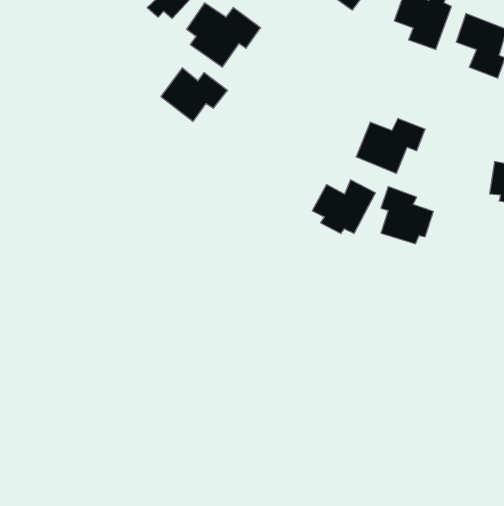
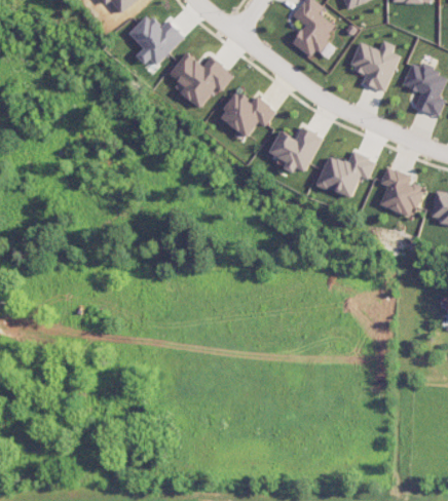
building: [161,68,228,121] -> [219,91,276,138]
building: [312,180,376,234] -> [268,126,323,172]
building: [381,187,433,244] -> [379,166,424,216]

